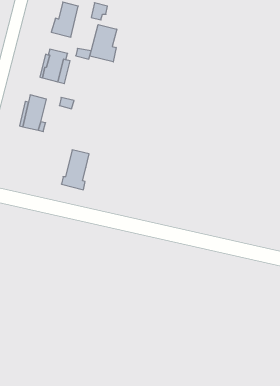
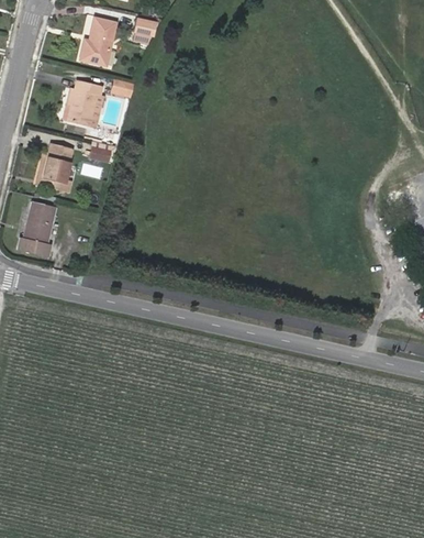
building: [90,25,117,62] -> none
building: [61,150,89,190] -> [18,201,55,255]

